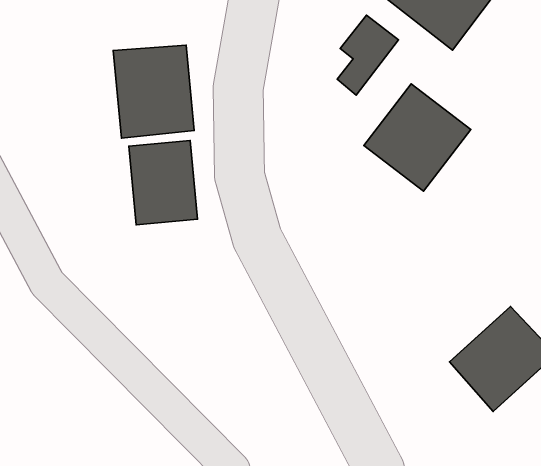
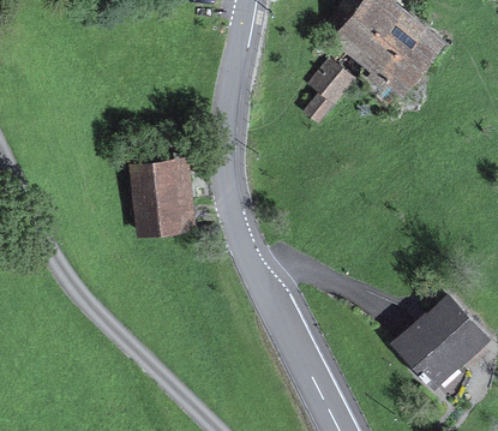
building: [113,45,194,138] -> none
building: [364,84,471,191] -> none

